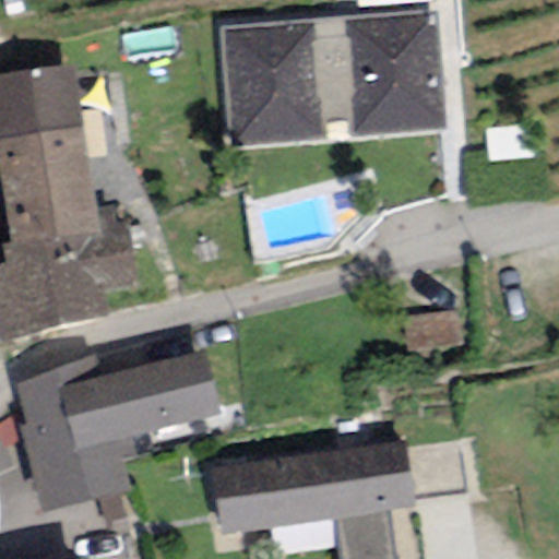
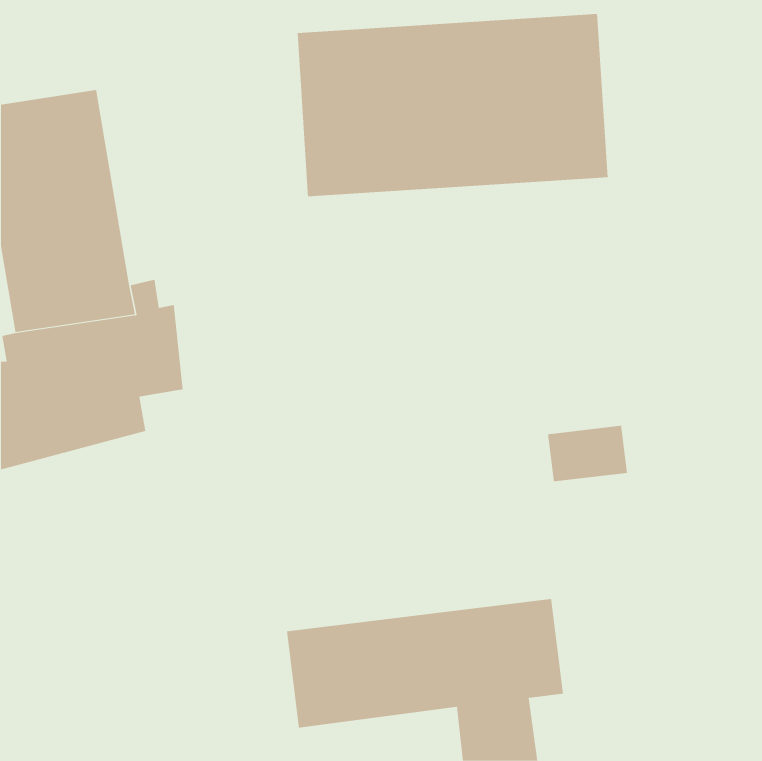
building: [15,350,222,513] -> none

